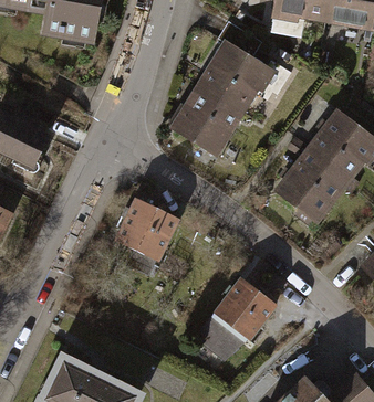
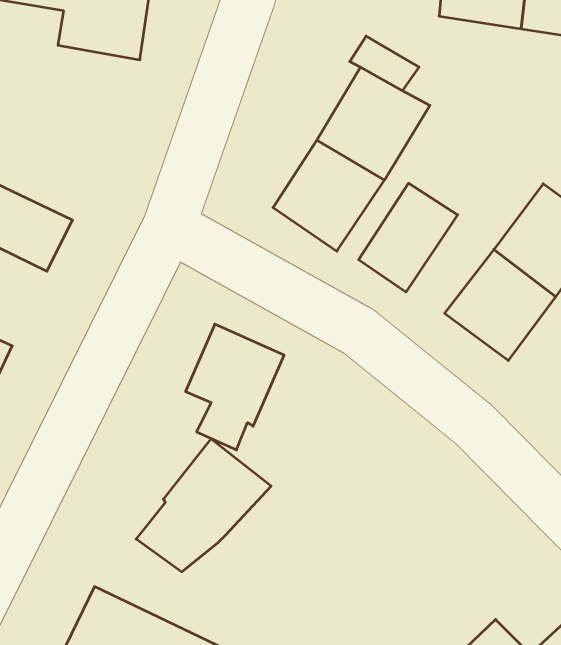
building: none -> [359,183,458,292]
building: [196,276,278,357] -> [136,439,271,572]

